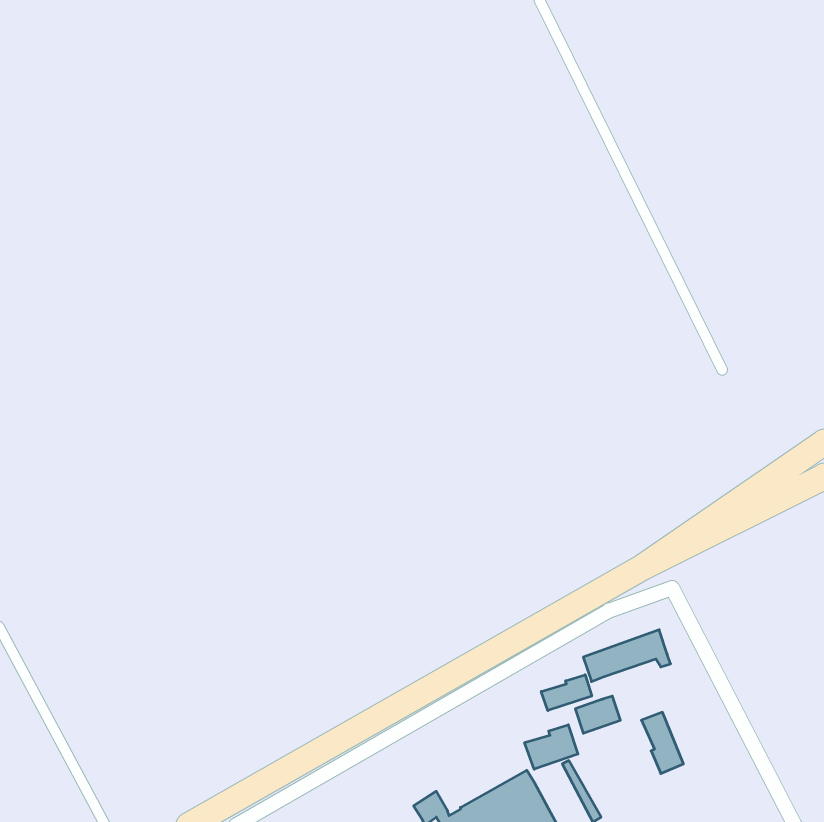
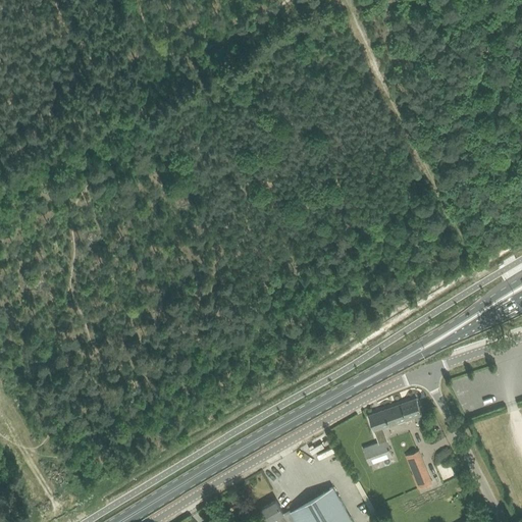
building: [541,675,592,711] -> none
building: [525,725,578,769] -> none

